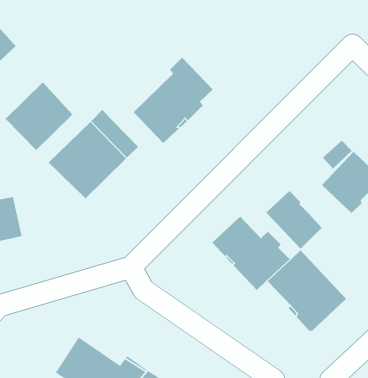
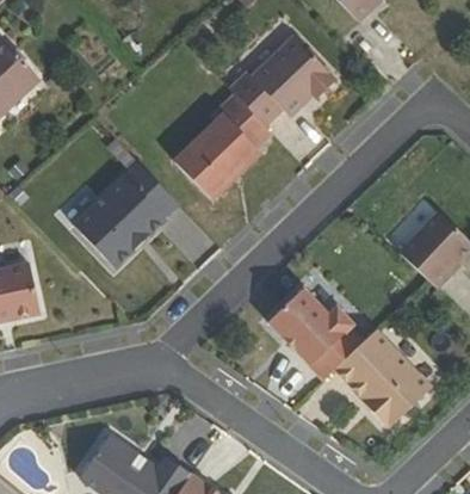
building: none -> [227,36,334,126]
building: [5,82,73,151] -> none
building: [266,190,323,249] -> none

